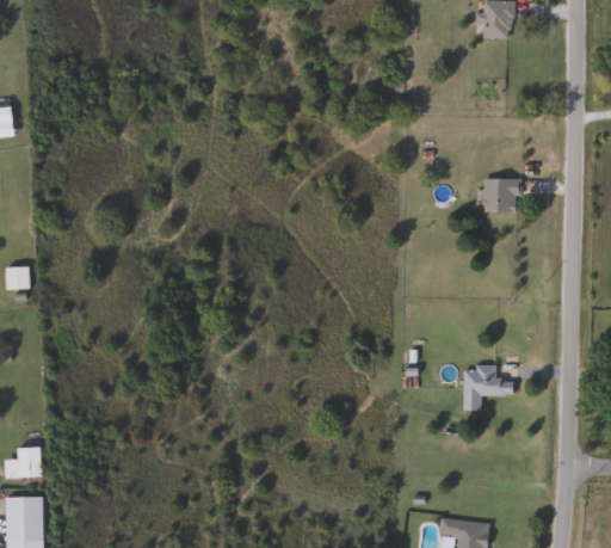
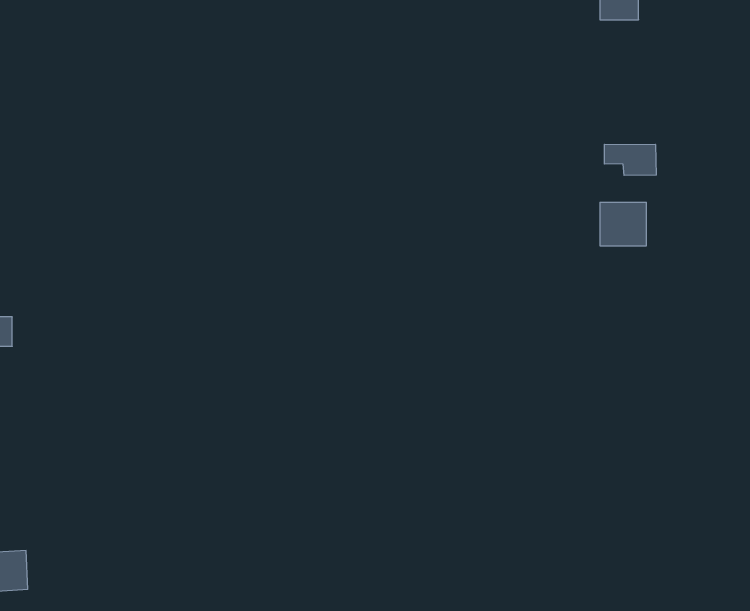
building: none -> [604,144,656,175]
building: [464,368,513,396] -> none

